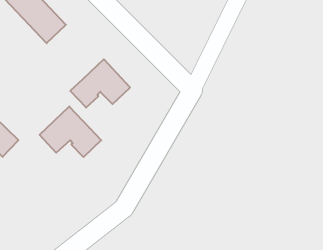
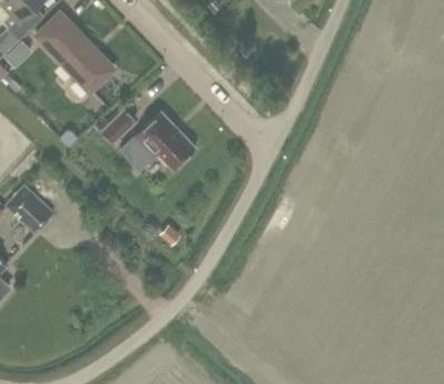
building: none -> [101,108,137,145]
building: [40,106,101,157] -> none

